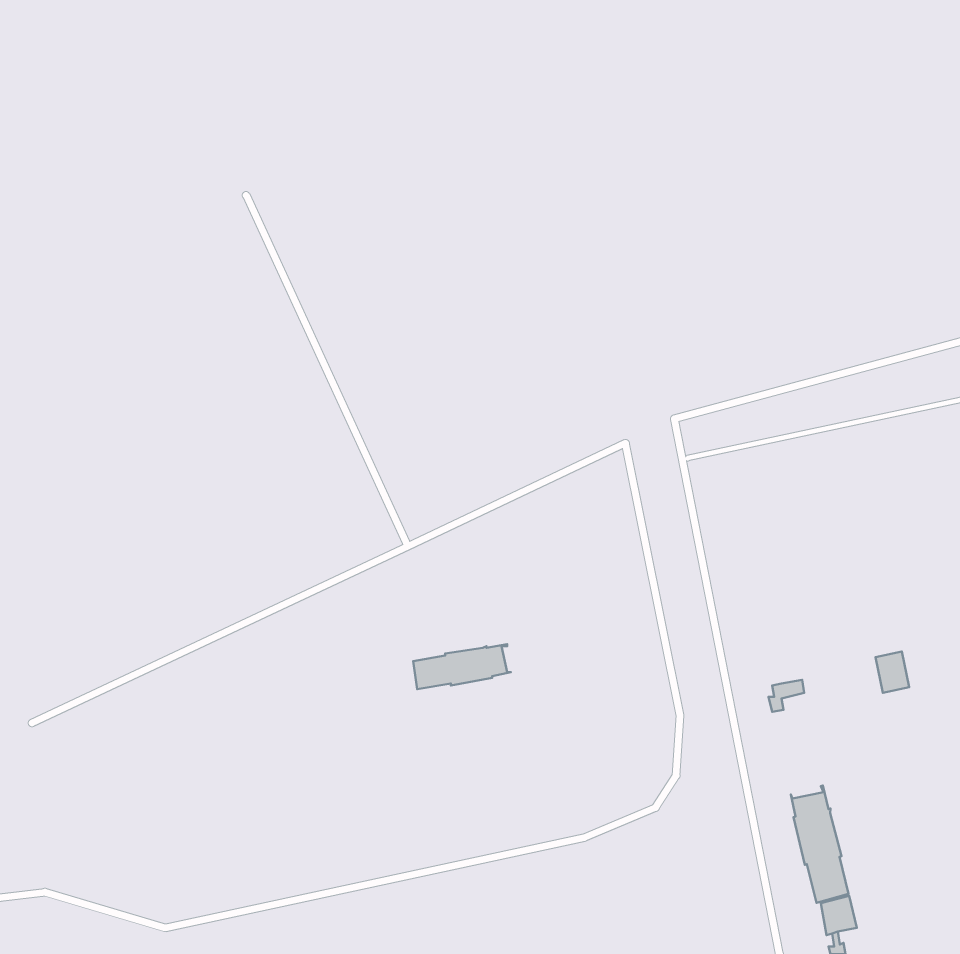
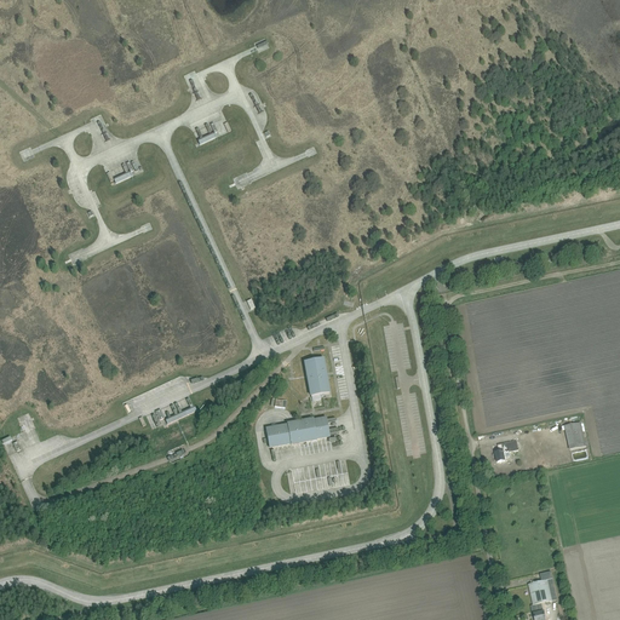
building: none -> [305,356,329,398]
building: [791,785,848,903] -> none

